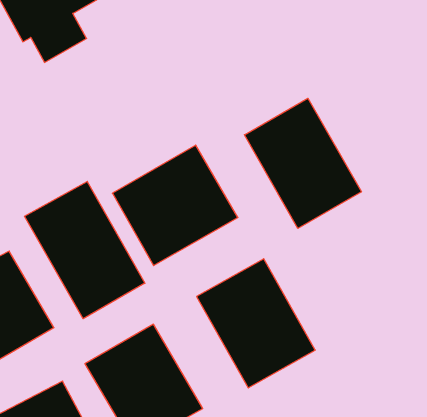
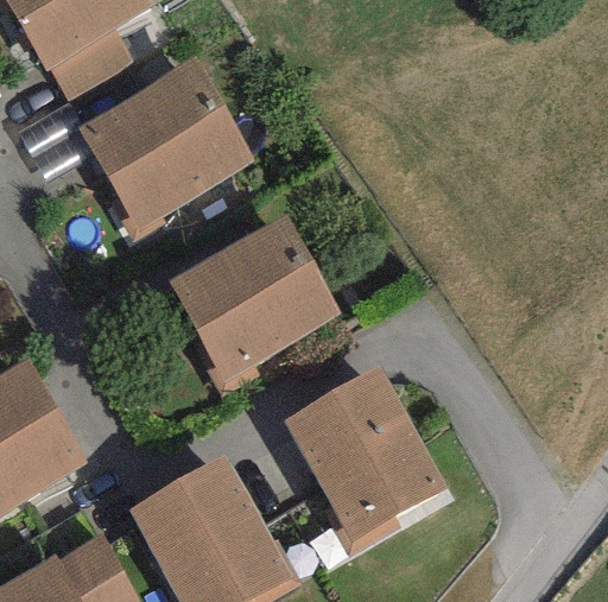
building: none -> [78,53,255,229]
building: [244,98,361,228] -> none
building: [25,181,145,319] -> none

